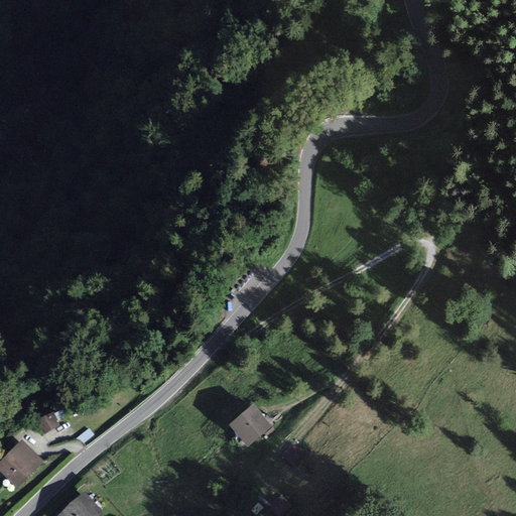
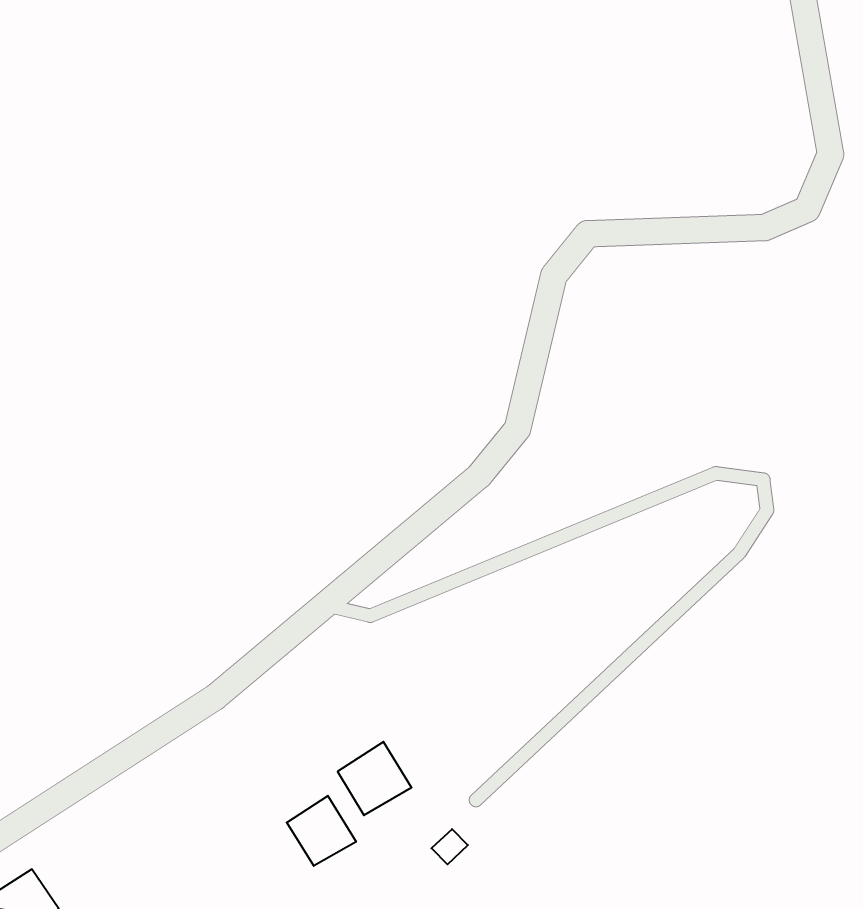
building: none -> [287,796,356,866]

